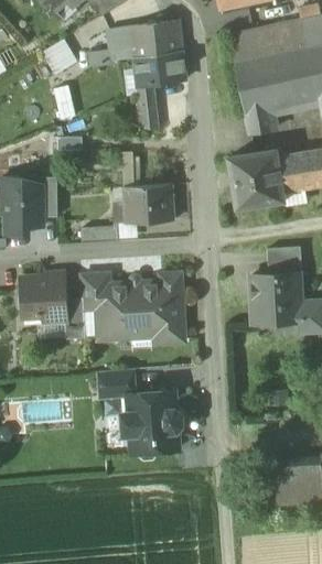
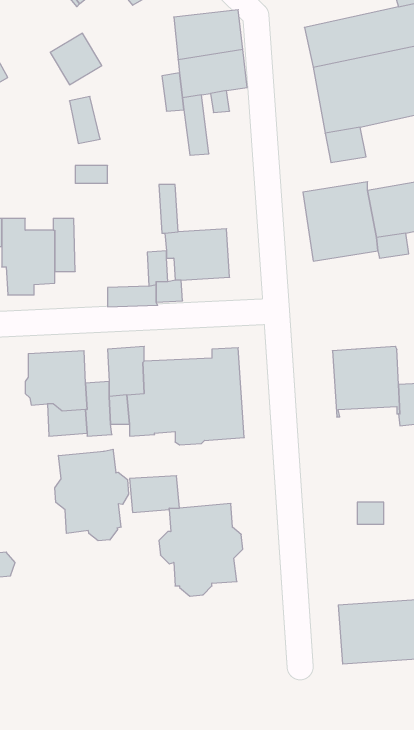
building: [89,25,135,66] -> none
building: [267,246,301,274] -> none
building: none -> [55,449,129,541]

